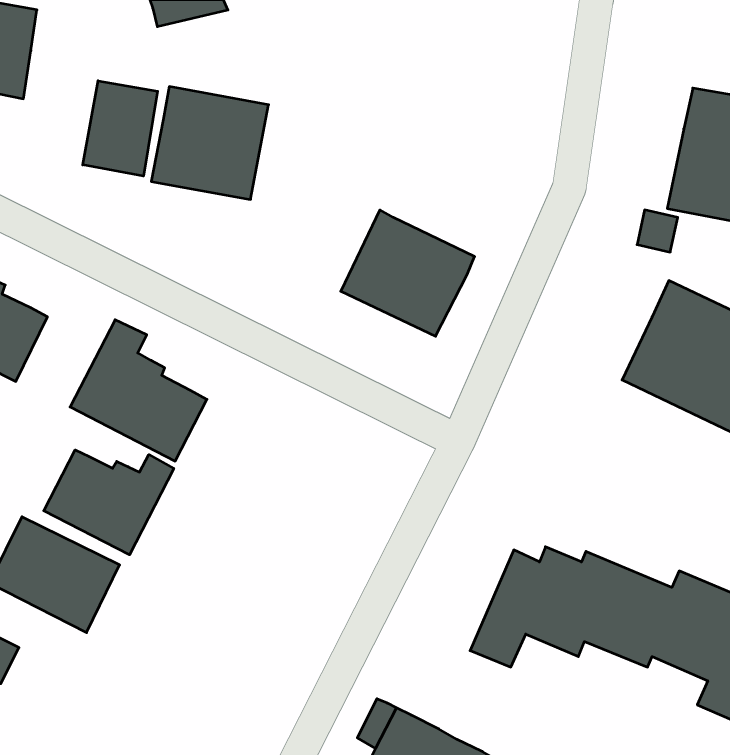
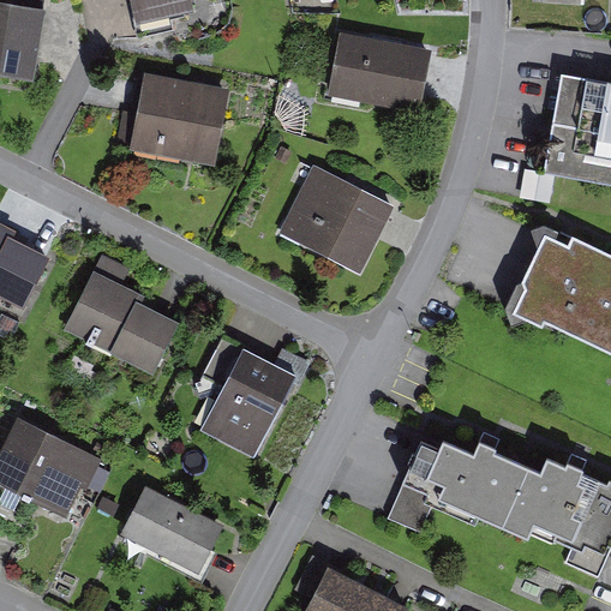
building: none -> [330,38,427,106]
building: [83,81,158,176] -> none
building: none -> [200,341,310,456]
building: [44,450,174,555] -> none
building: none -> [121,492,218,582]

